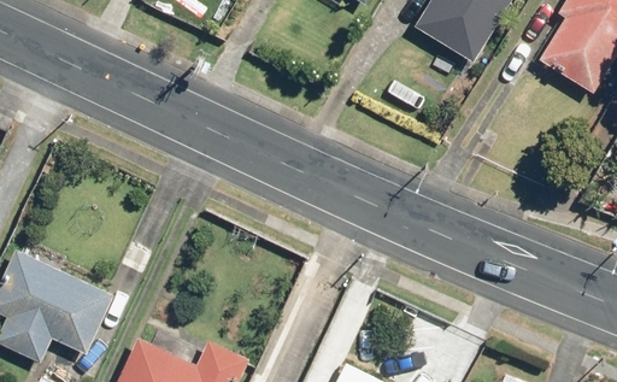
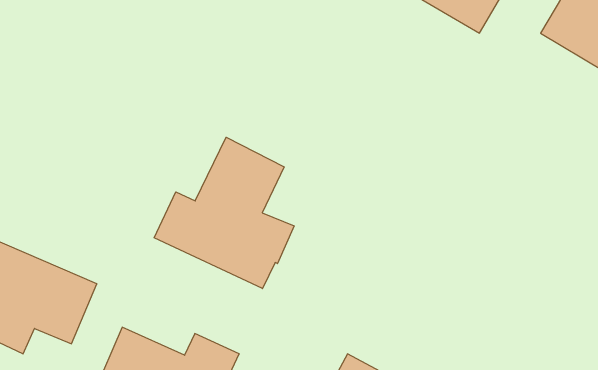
building: none -> [154,137,294,289]

